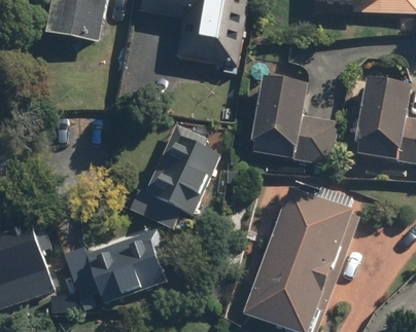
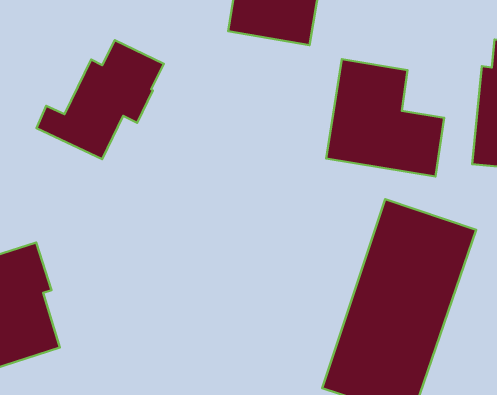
building: [126,139,219,226] -> [36,40,164,159]
building: [59,229,165,320] -> none

